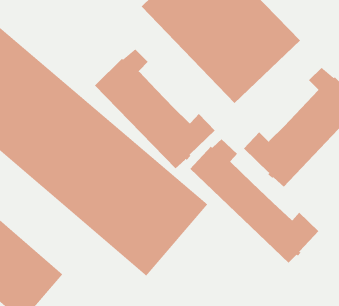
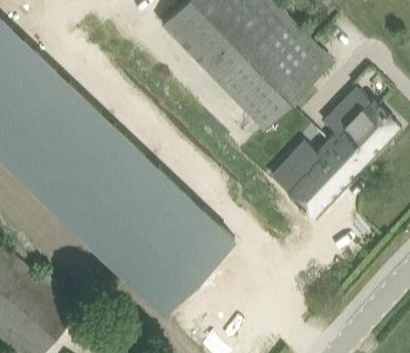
building: [94,48,215,169] -> none
building: [190,139,319,263] -> none

